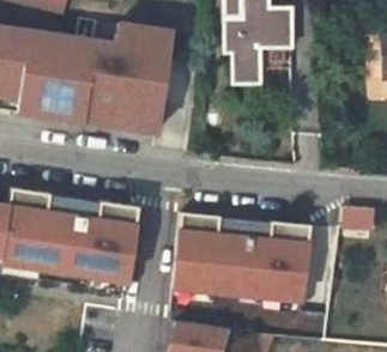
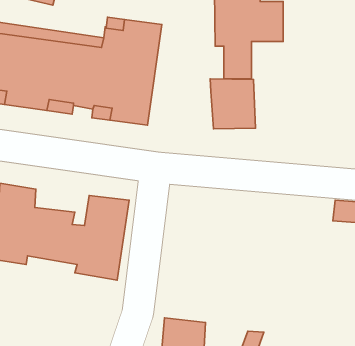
building: none -> [210,79,255,129]
building: [175,212,312,301] -> none

